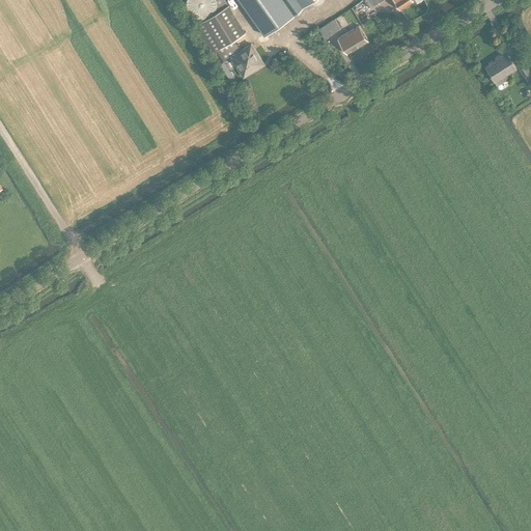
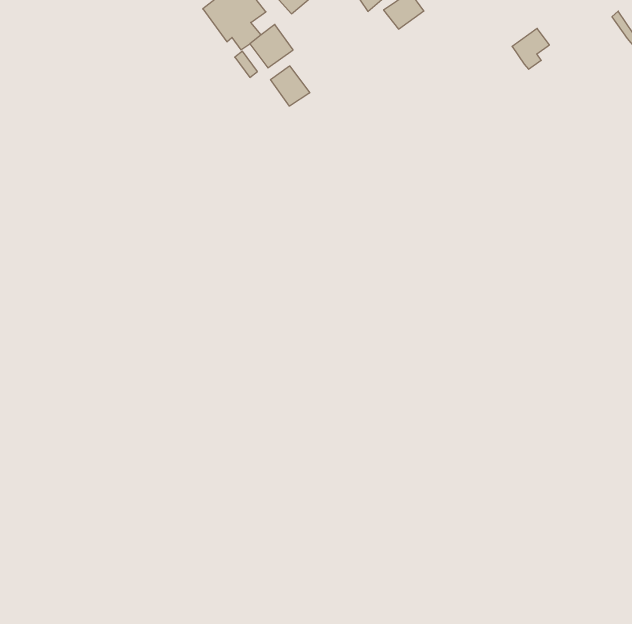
building: [485,53,514,84] -> [512,28,549,69]
building: none -> [271,66,310,106]

